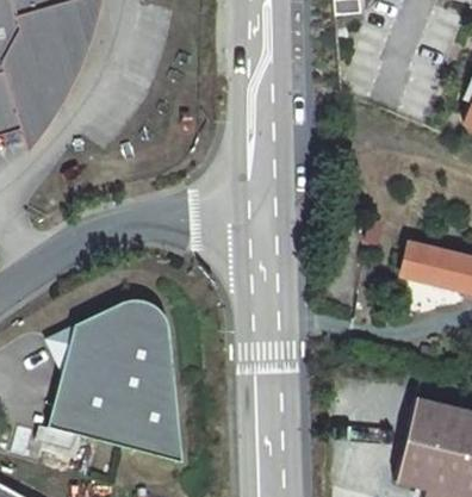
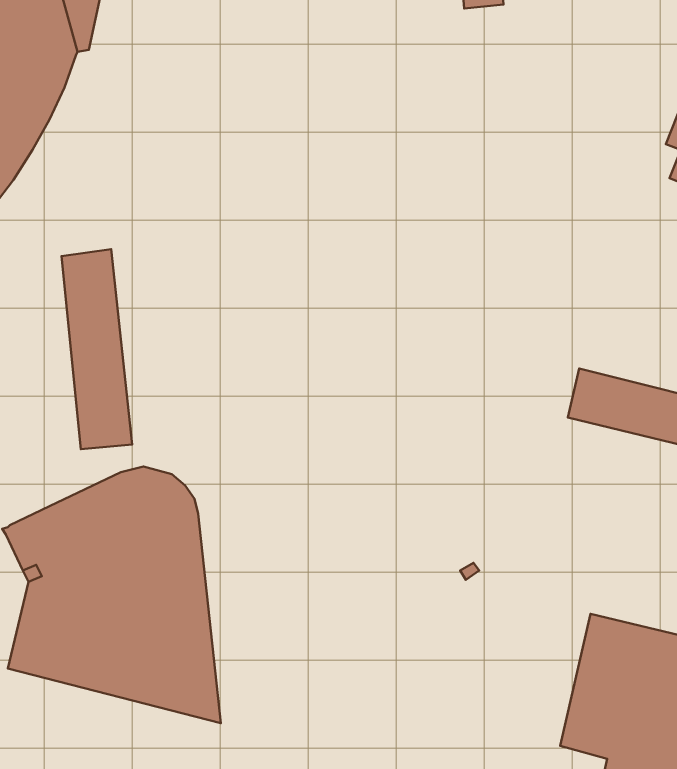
building: none -> [62,249,132,449]

